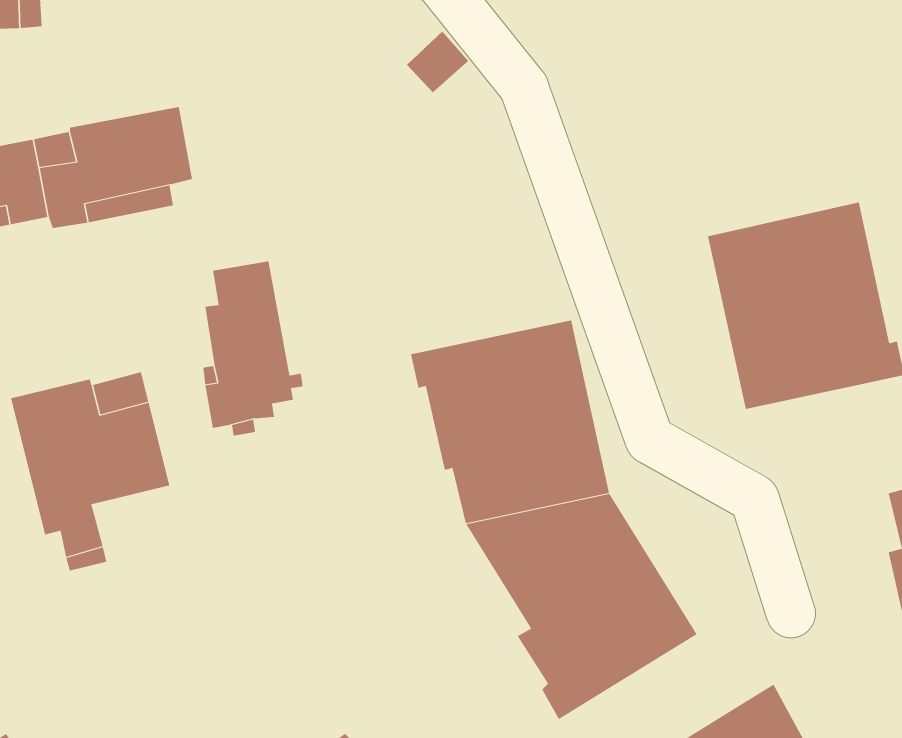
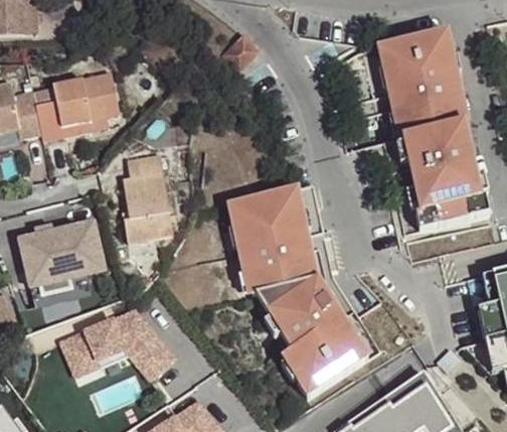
building: none -> [368,31,468,142]
building: none -> [43,309,173,389]

